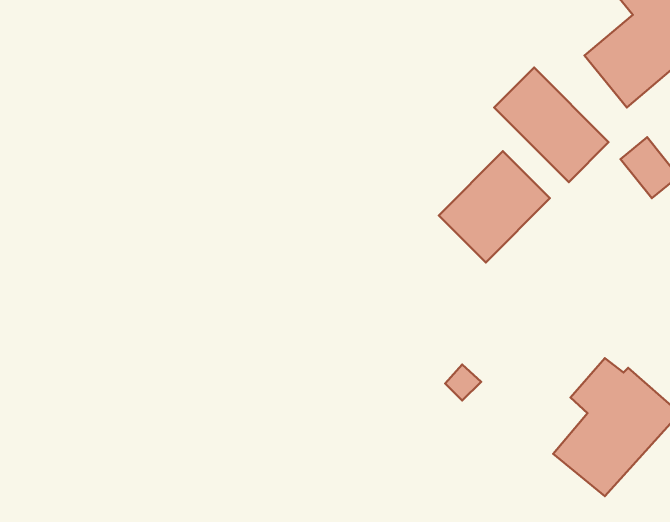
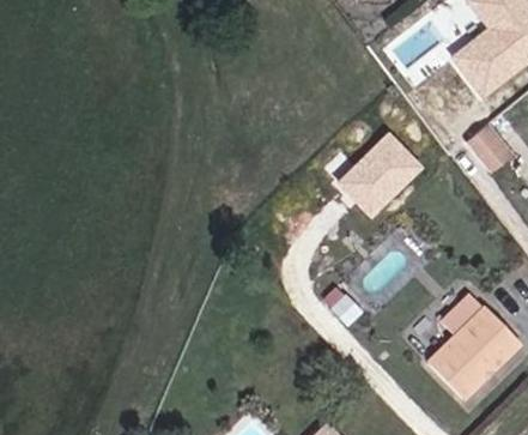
building: [494,68,609,182] -> none

